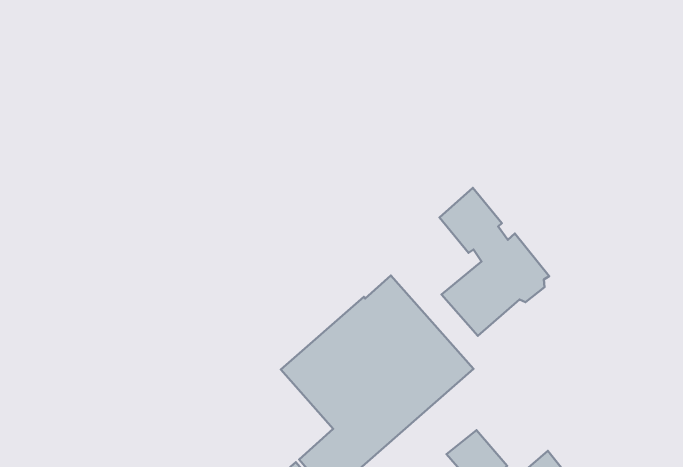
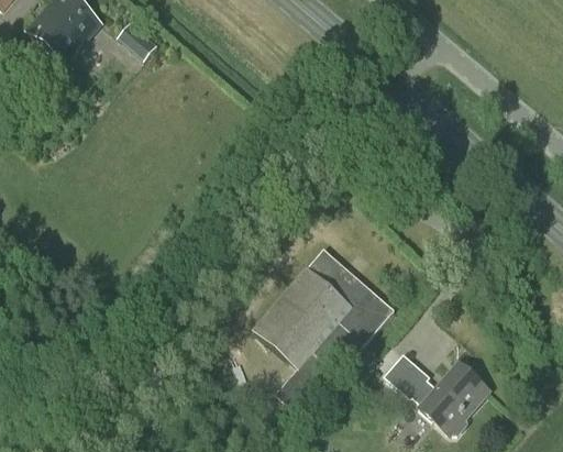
building: [440,188,549,336] -> none

